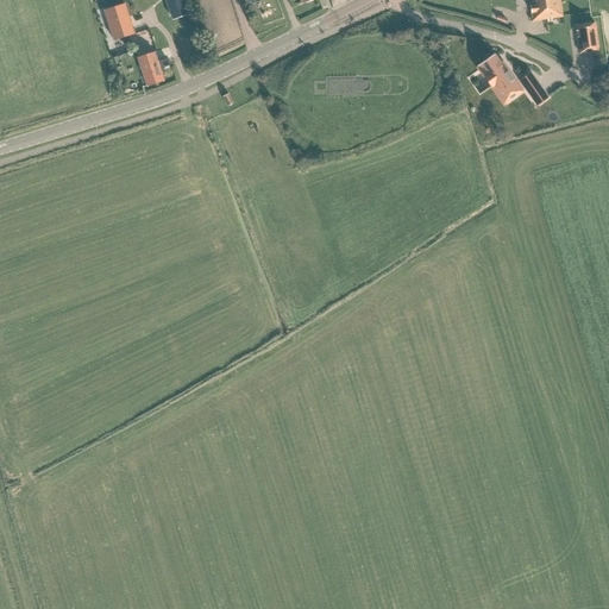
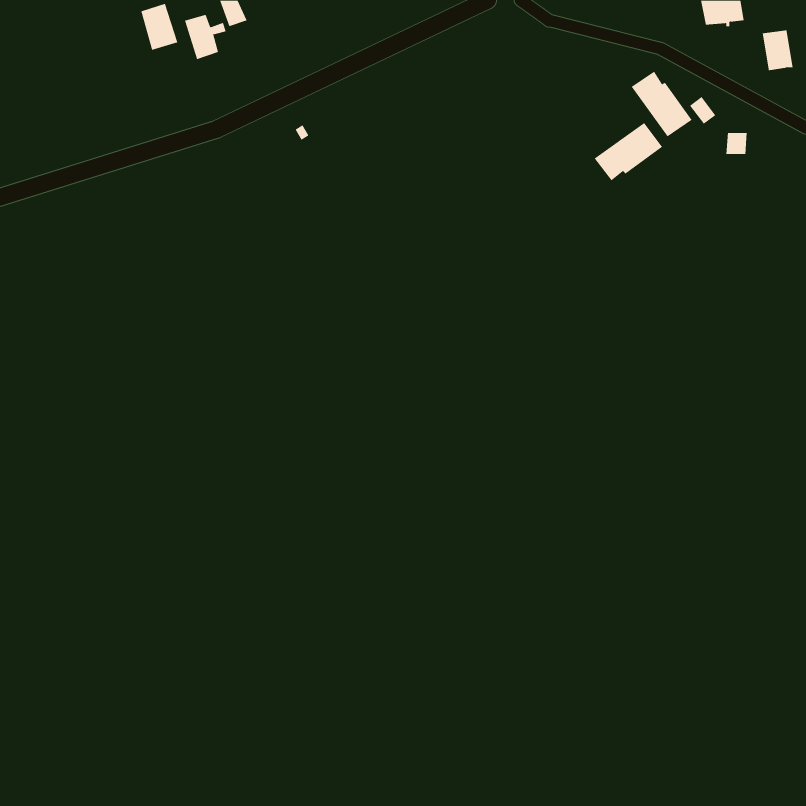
building: [137,52,169,87] -> [184,14,227,60]
building: none -> [594,122,663,181]

